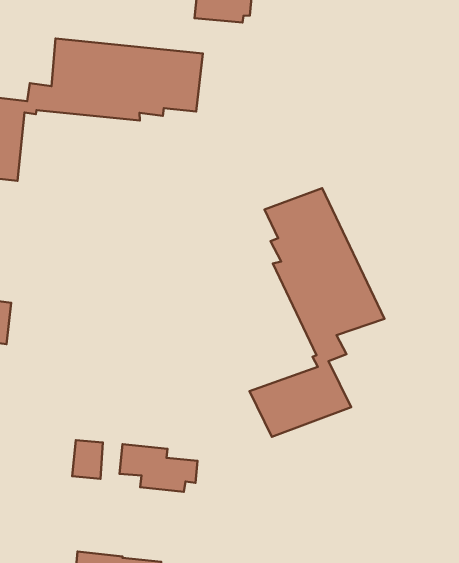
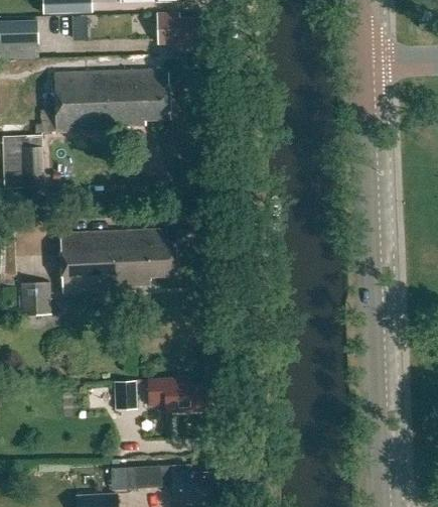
building: [250,188,384,437] -> none
building: none -> [61,227,178,290]

